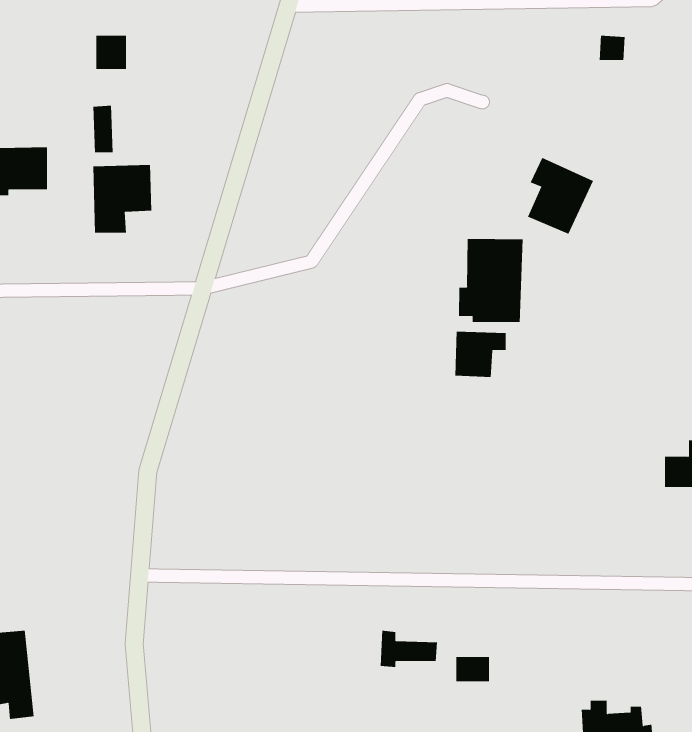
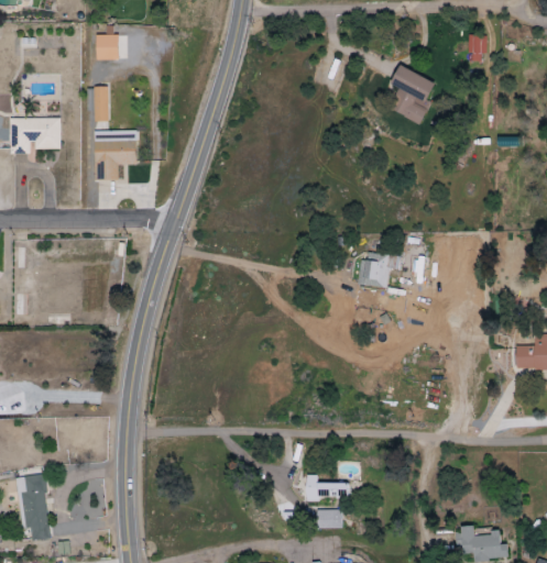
building: [527,157,594,235] -> [389,65,438,122]
building: [459,238,523,323] -> none
building: [455,656,490,682] -> [317,509,342,528]

